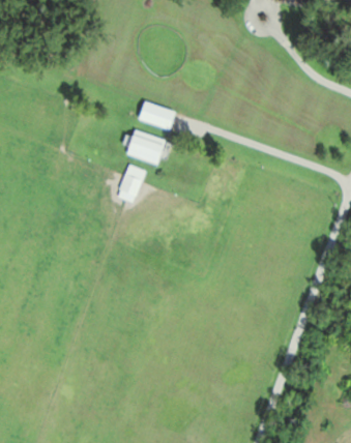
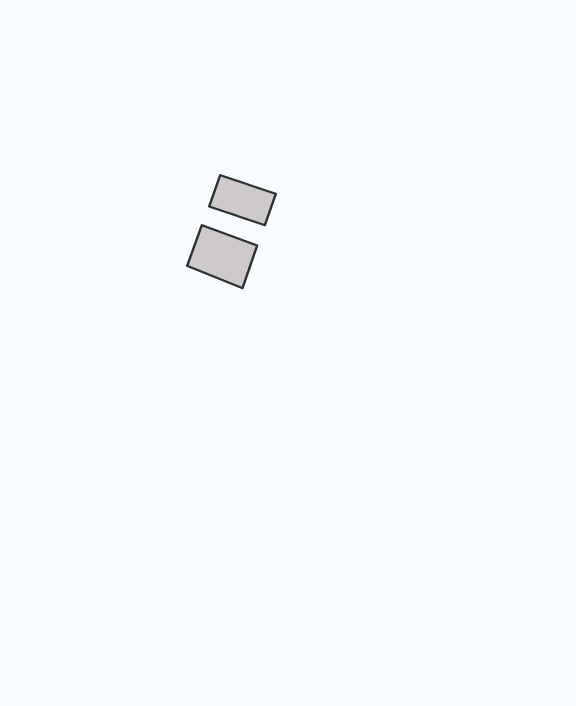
building: [118,165,144,202] -> none

